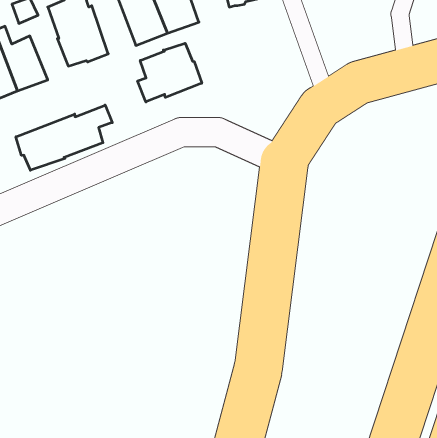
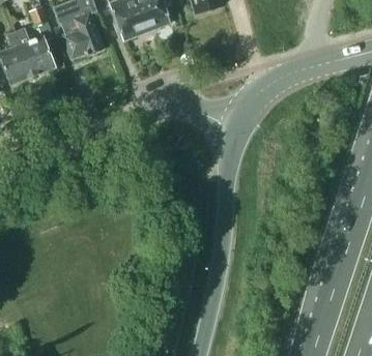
building: [138,43,202,102] -> none
building: [16,105,112,170] -> none

